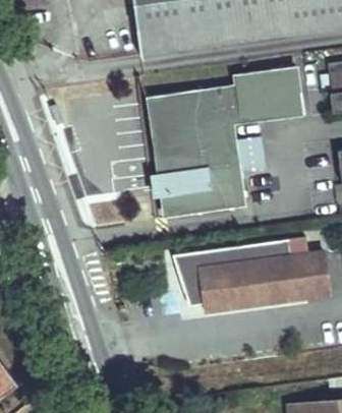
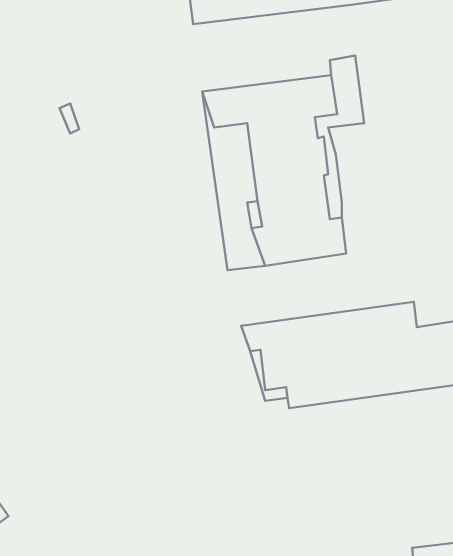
building: [250,66,302,118] -> none
building: [237,136,266,172] -> none

